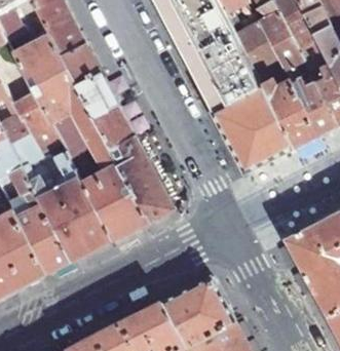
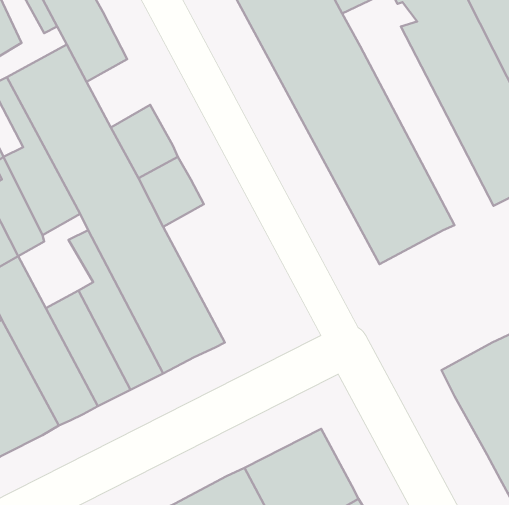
building: [234,24,318,149] -> none
building: [62,44,102,87] -> none
building: [110,135,175,223] -> none
building: [18,153,66,201] -> none

